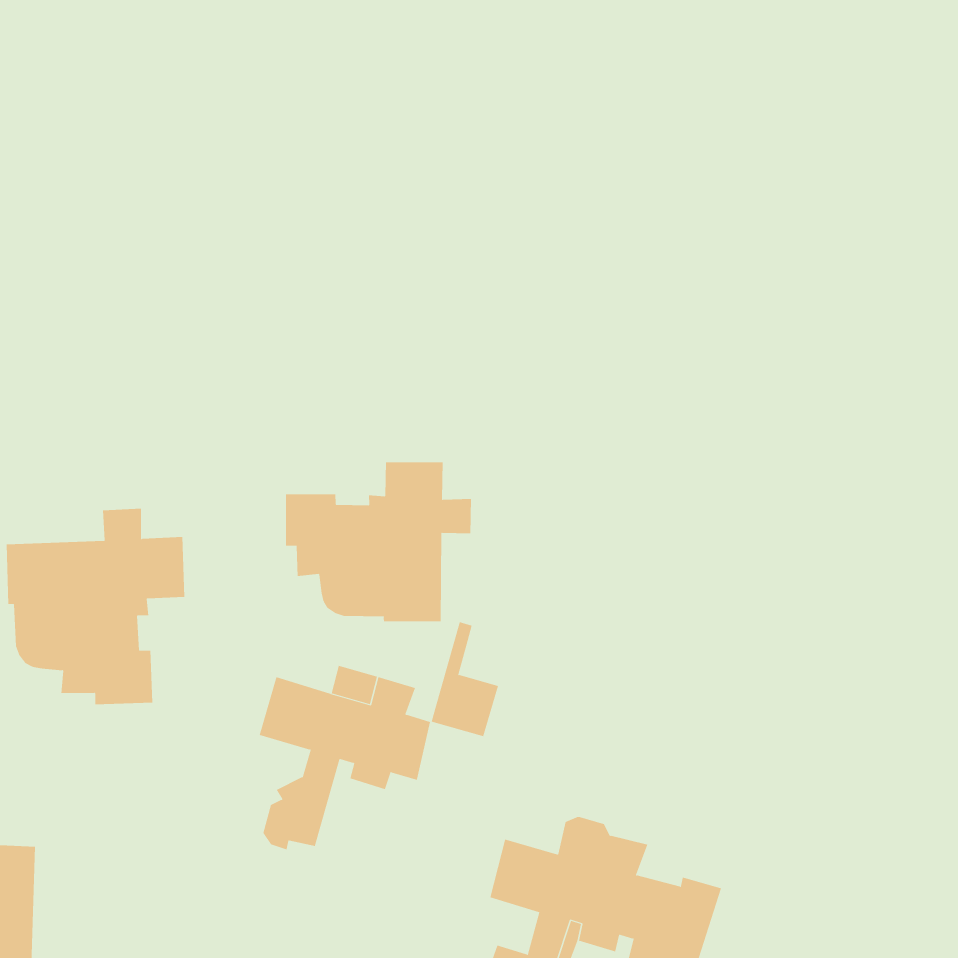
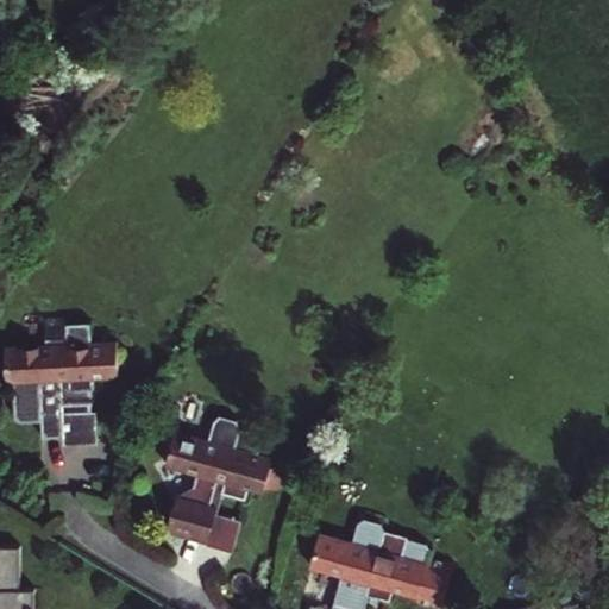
building: [285,462,471,622] -> none
building: [431,622,499,737] -> [196,483,239,555]

